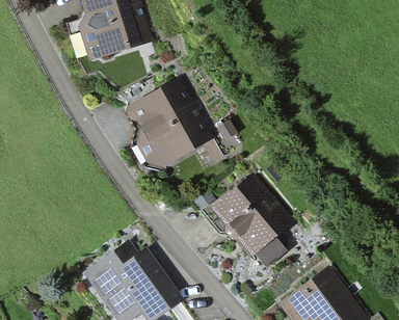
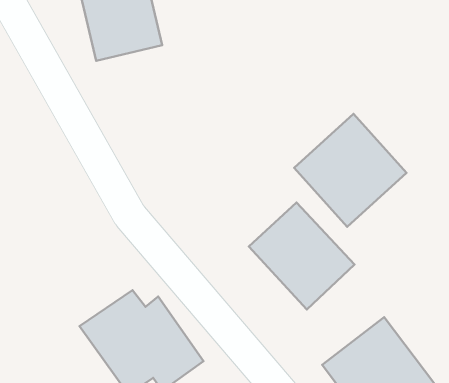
building: [132,83,216,170] -> none
building: none -> [294,114,406,227]

